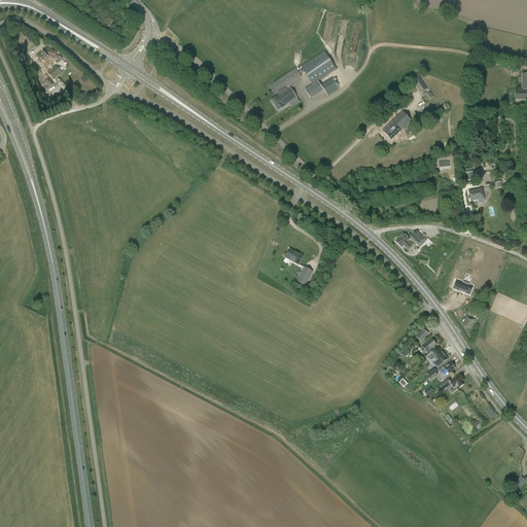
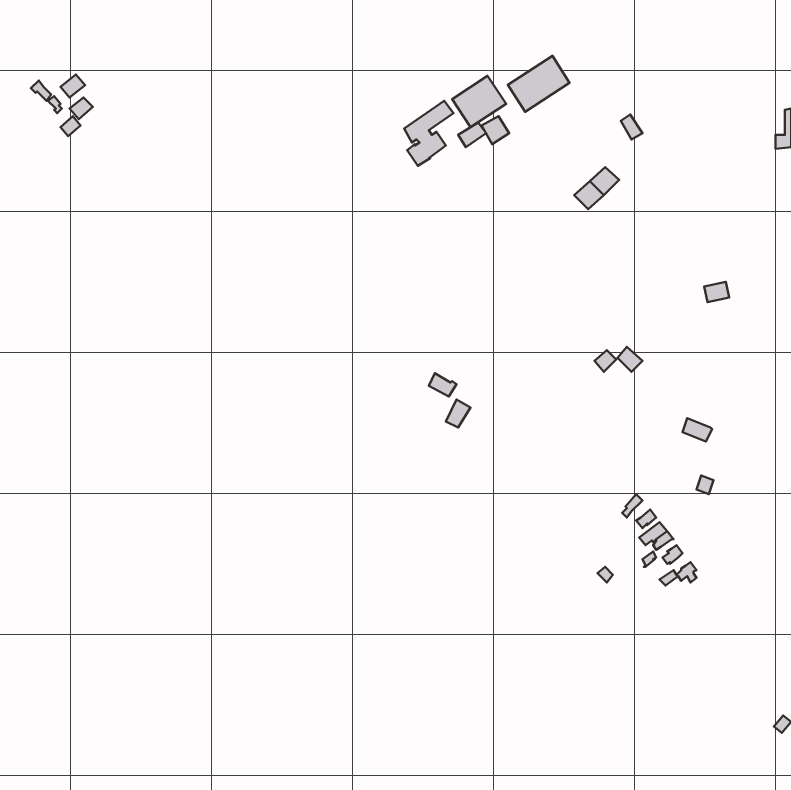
building: none -> [508,56,570,112]

